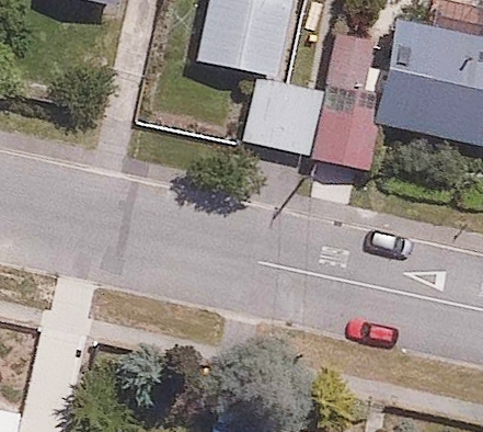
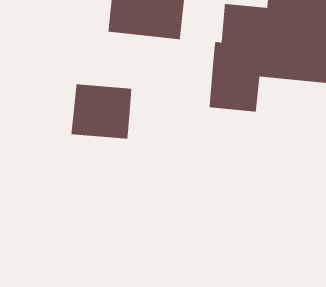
building: [238,78,318,151] -> [71,84,132,140]

